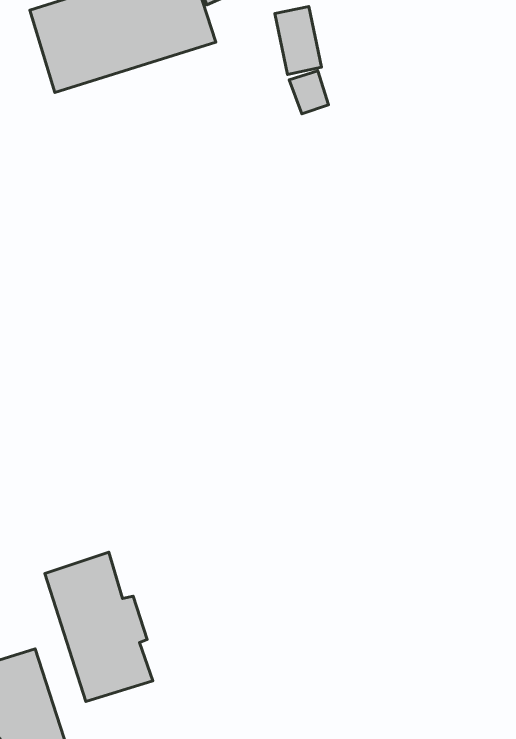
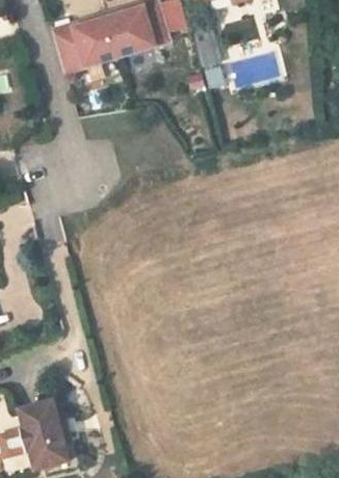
building: [45,552,153,701] -> none

